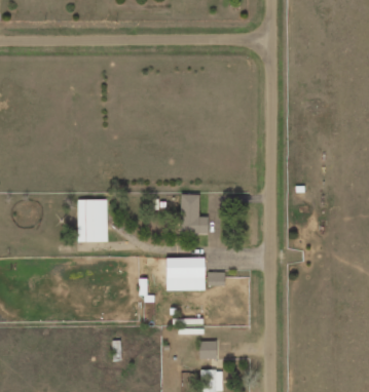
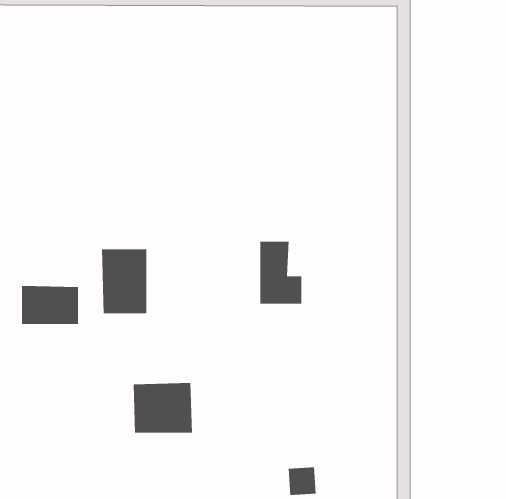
building: none -> [21,285,78,325]
building: [167,258,206,290] -> [133,382,193,433]

